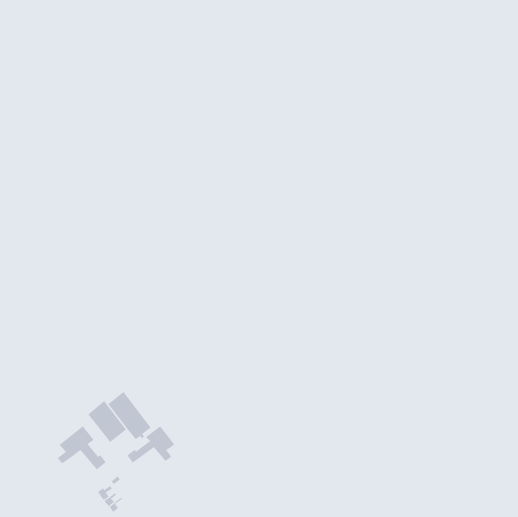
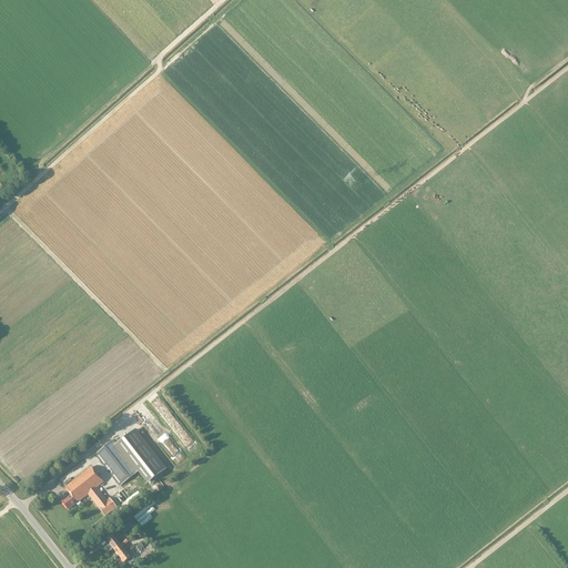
building: [127,425,175,463] -> none

